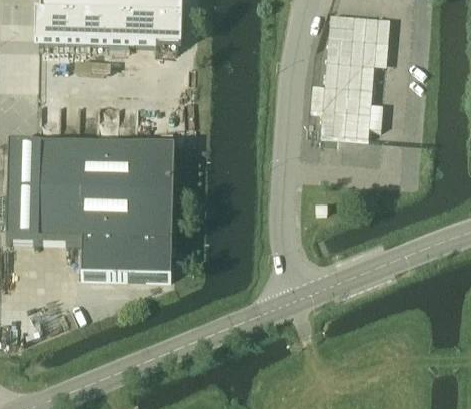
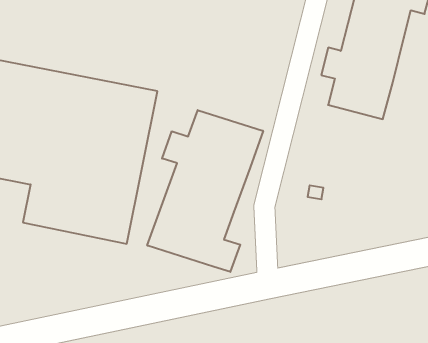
building: none -> [147,110,263,272]

